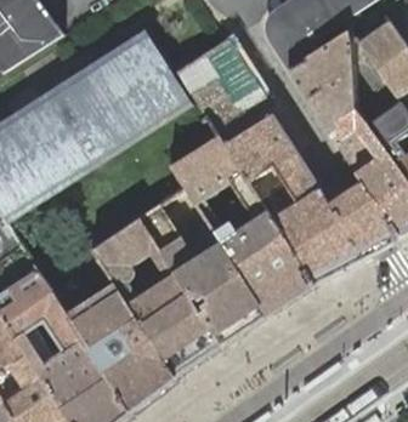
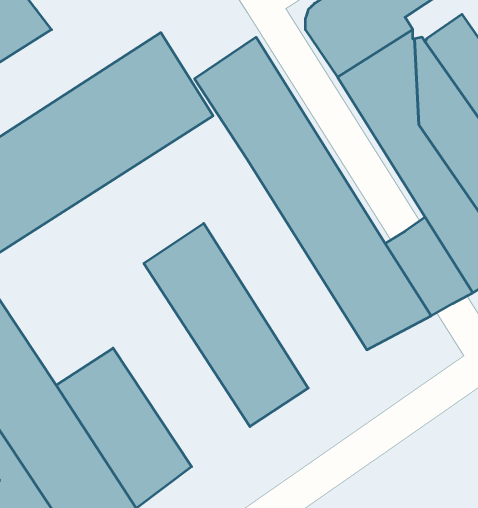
building: [171,133,313,314] -> none
building: [90,216,221,376] -> none

